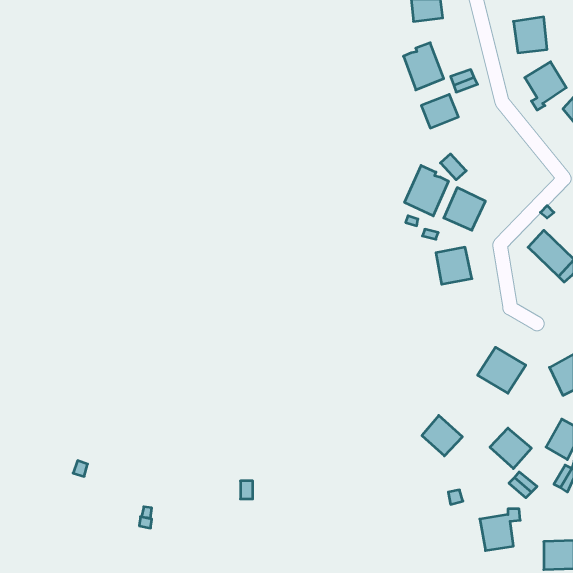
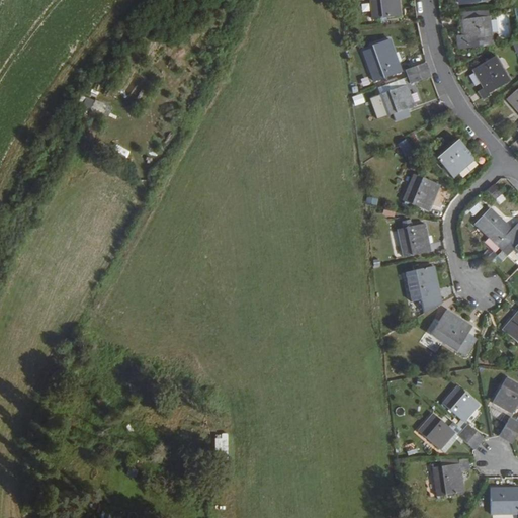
building: none -> [433,133,472,172]
building: [405,165,448,216] -> none
building: none -> [408,264,442,317]
building: [422,415,462,456] -> [419,413,455,449]

